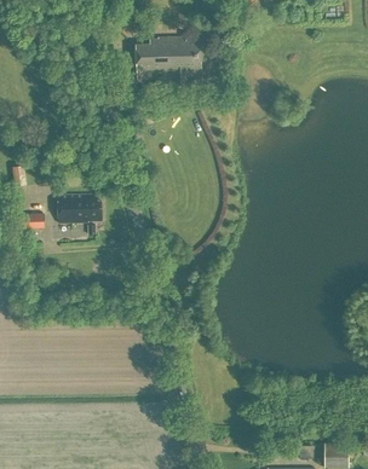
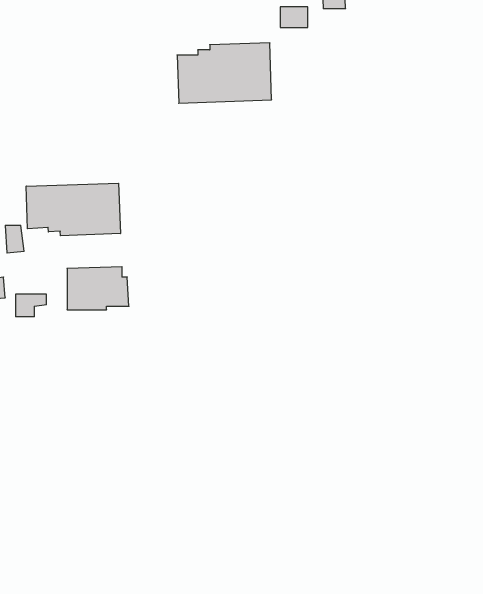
building: none -> [26,183,120,236]

